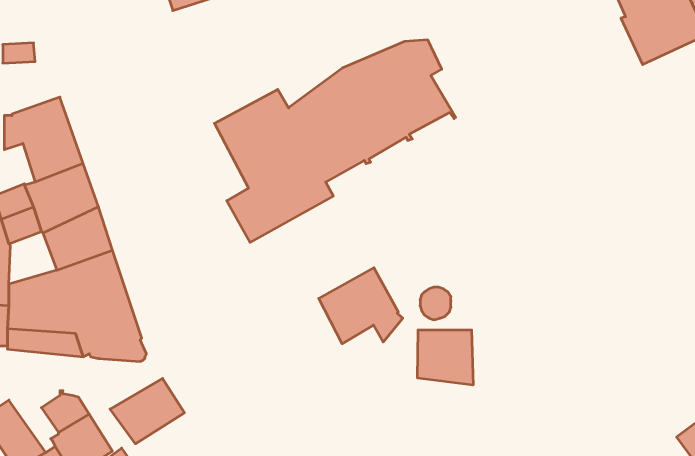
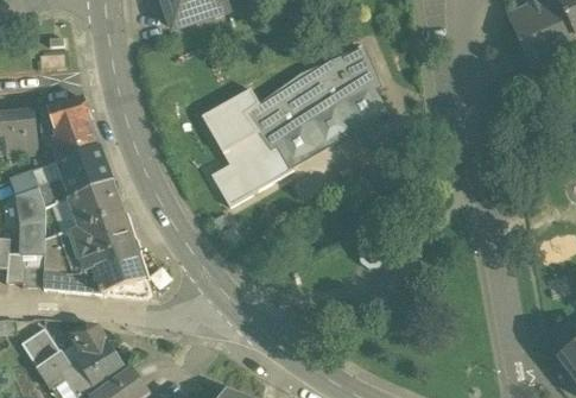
building: [319,268,403,344] -> none
building: [418,330,473,385] -> none
building: [110,378,184,444] -> none

